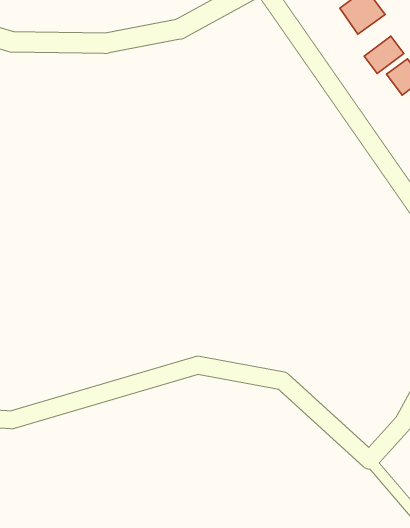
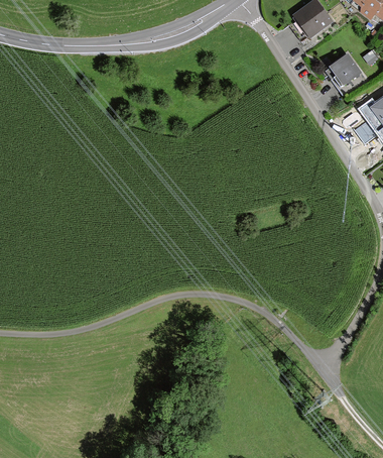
building: [364,36,404,73] -> none

